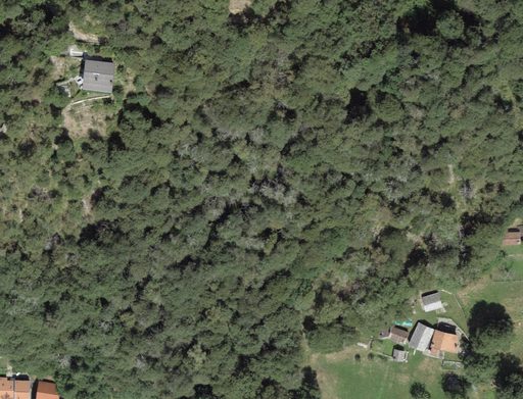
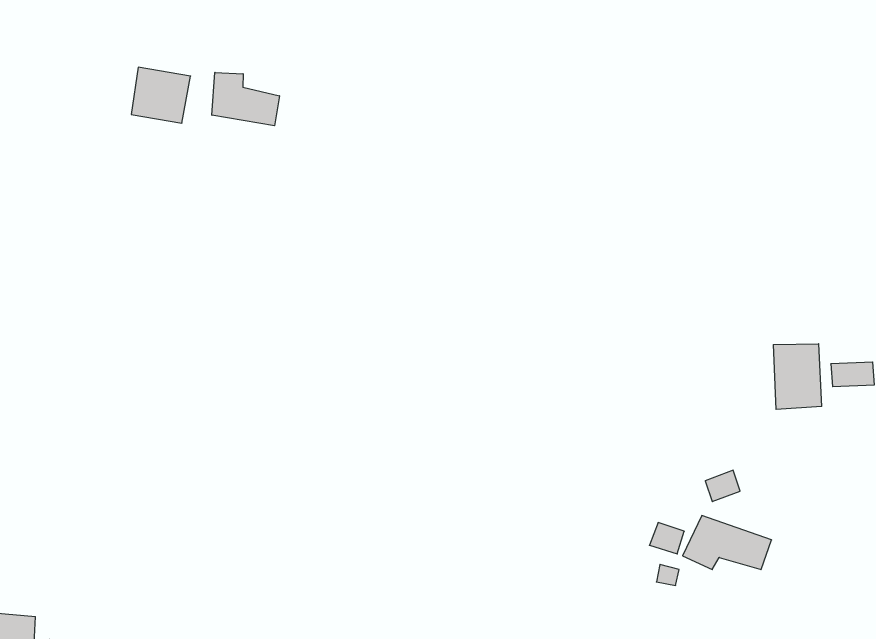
building: none -> [212,72,279,126]
building: none -> [773,344,822,409]

